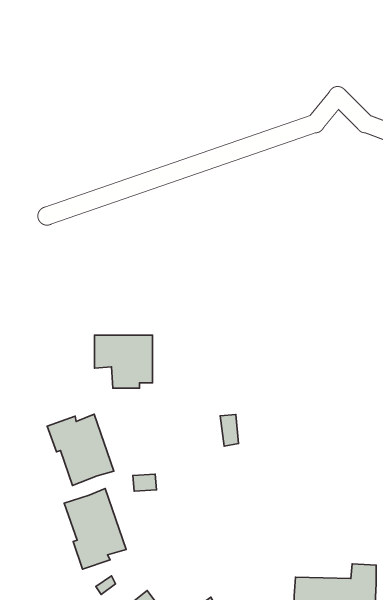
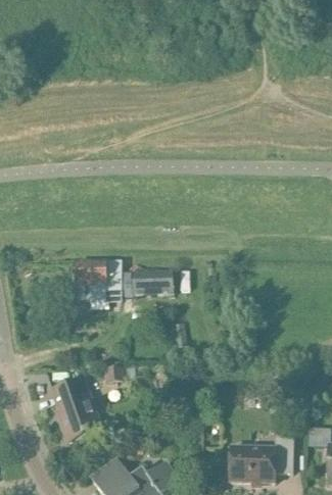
building: none -> [131,270,173,294]
building: [47,414,114,485] -> none

